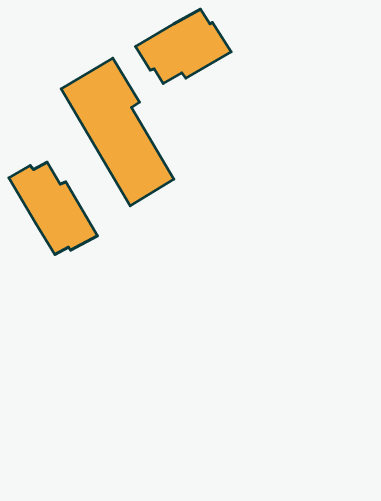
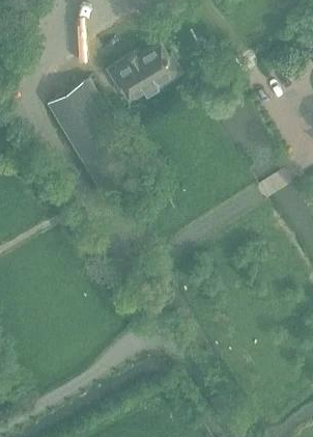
building: [9,162,98,254] -> none

